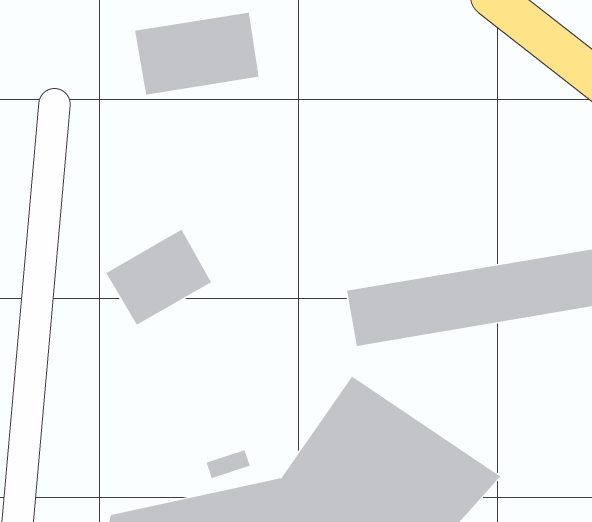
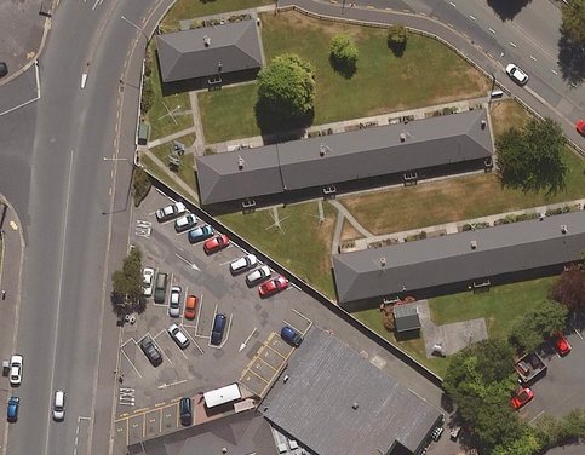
building: none -> [189,111,478,213]
building: [105,229,212,326] -> none

